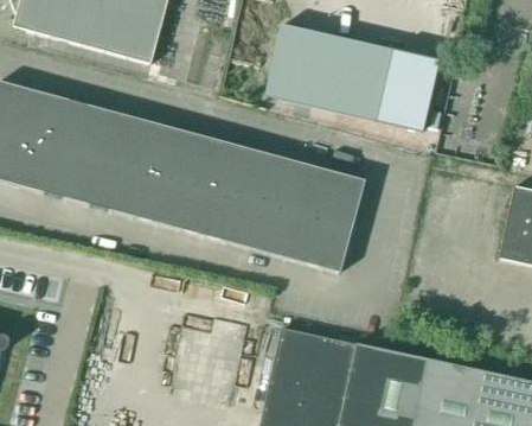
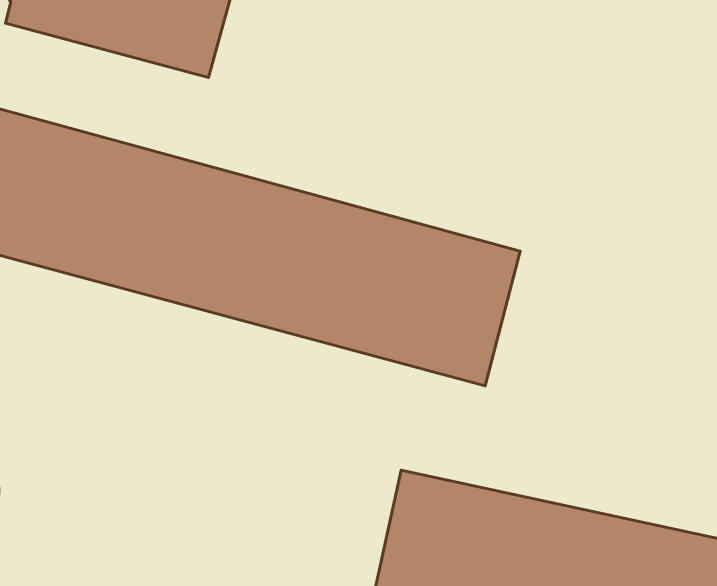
building: [269,25,443,129] -> none

